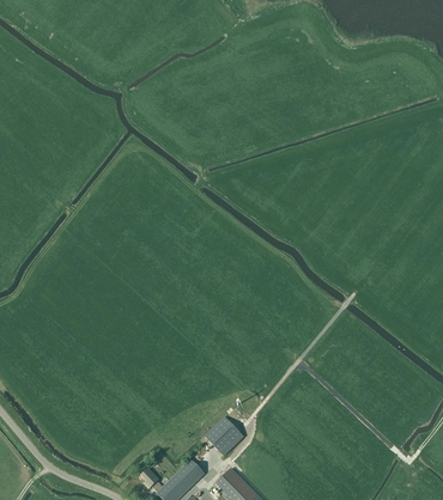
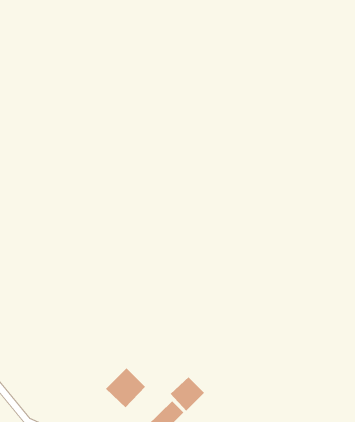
building: none -> [105,367,146,408]

